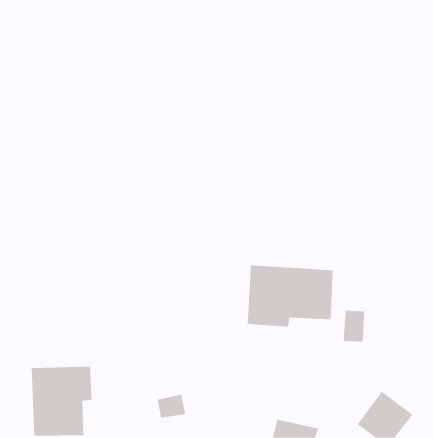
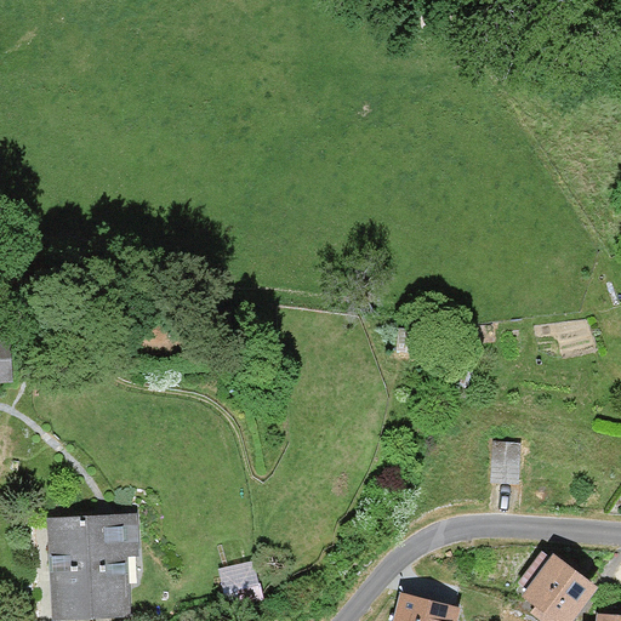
building: [247,265,333,327] -> none

